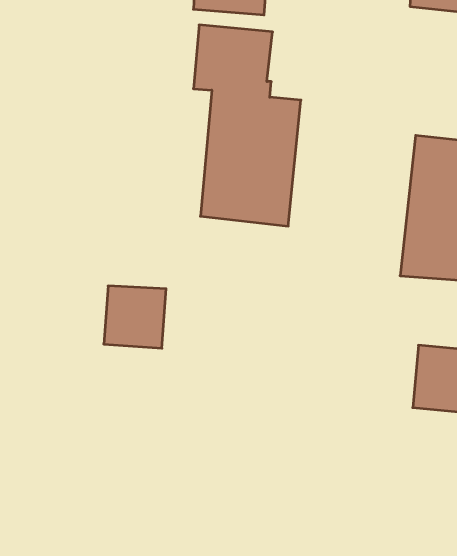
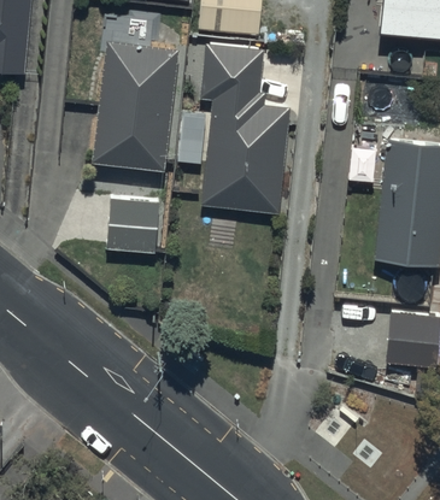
building: none -> [93,40,178,166]
building: [104,286,166,348] -> [106,198,159,251]

